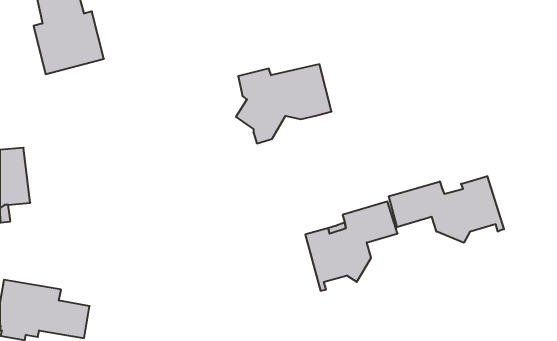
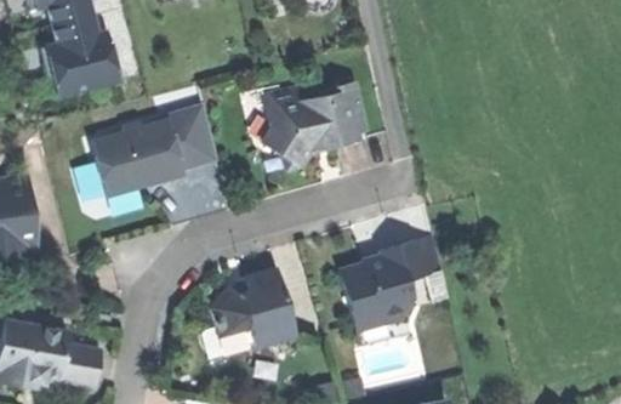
building: none -> [87,104,217,194]
building: [389,176,504,243] -> none
building: none -> [211,271,297,348]

